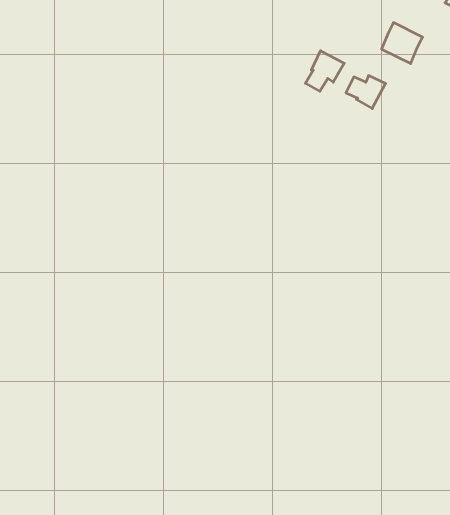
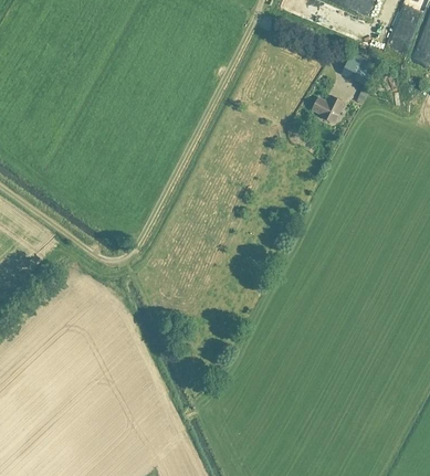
building: [305,51,344,91] -> none

